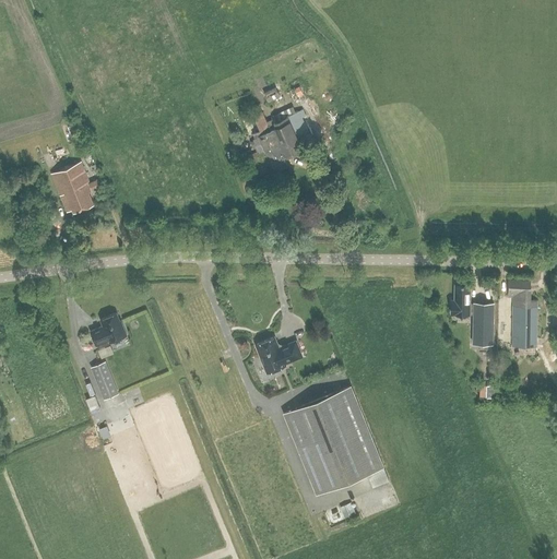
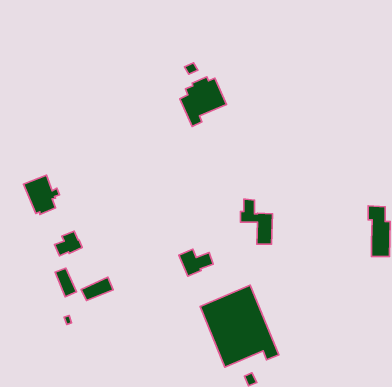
building: [50,164,98,216] -> [23,175,59,214]
building: [450,285,493,345] -> [240,199,272,244]
building: none -> [81,277,113,301]

